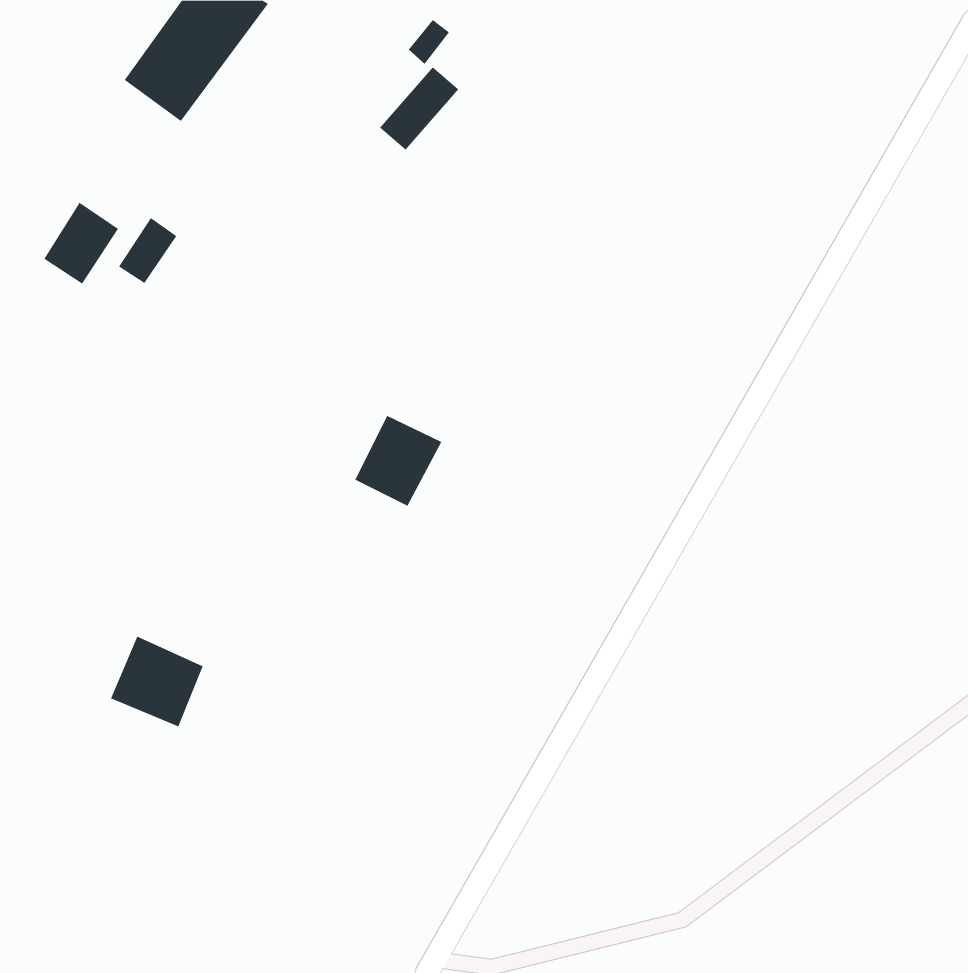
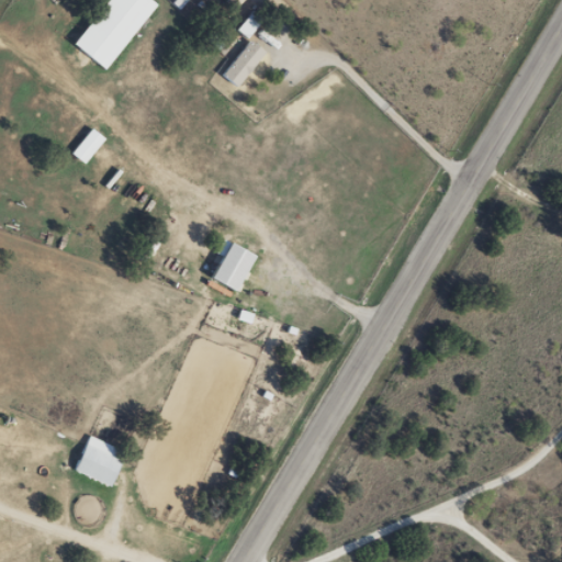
building: [44,202,119,284] -> none
building: [110,636,204,727] -> [74,435,127,487]

